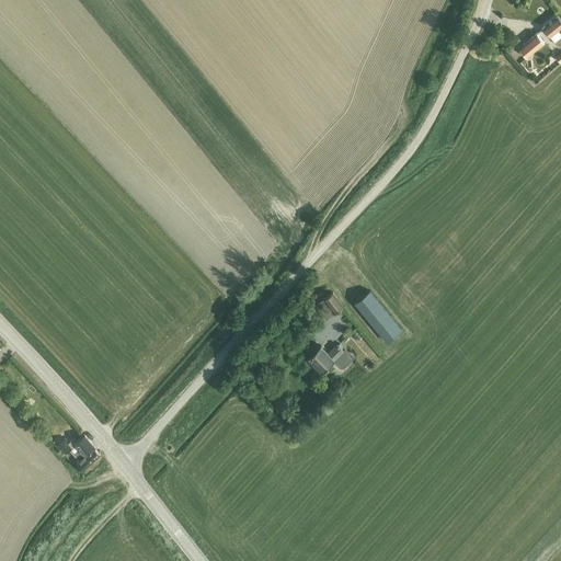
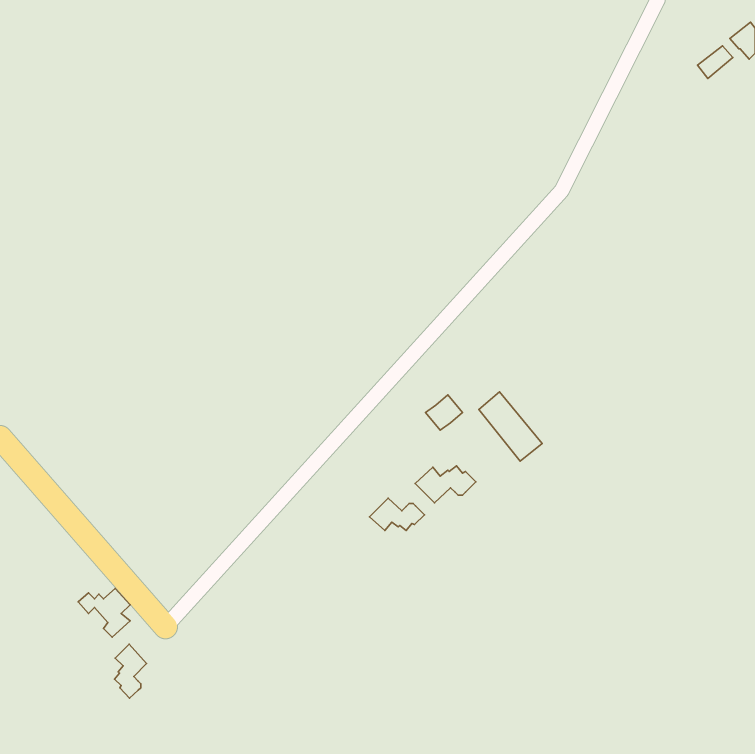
building: none -> [370,498,424,531]
building: none -> [114,644,147,698]

